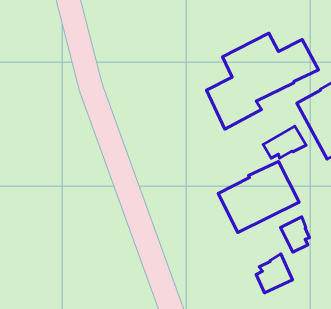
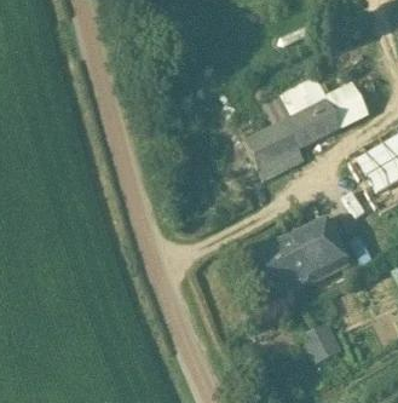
building: [263,126,306,158] -> none
building: [281,217,310,252] -> none

